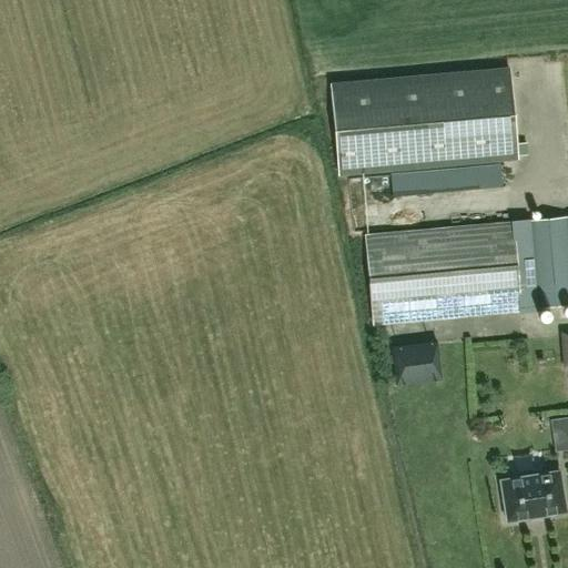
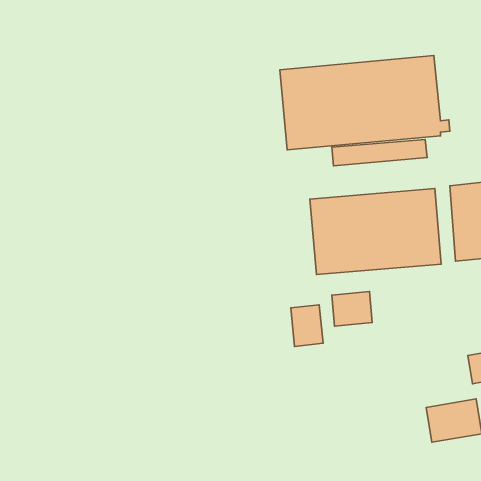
building: none -> [291,305,323,346]

